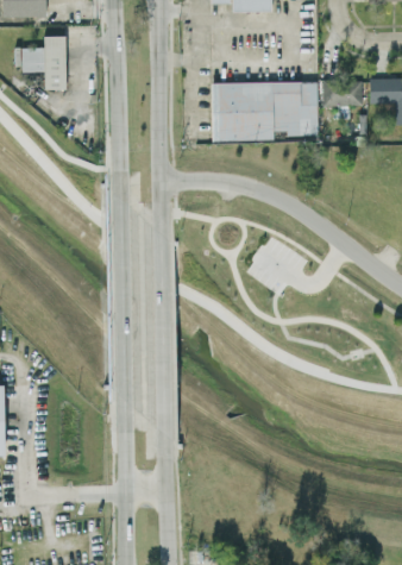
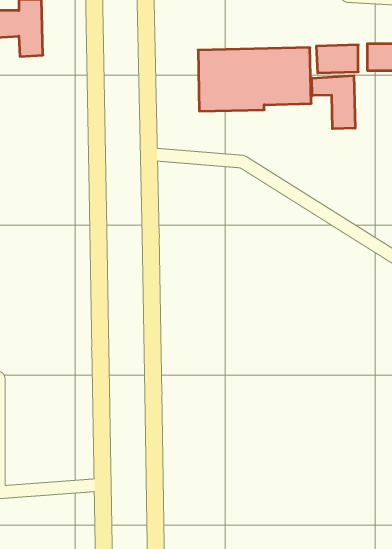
building: none -> [312,76,355,129]

